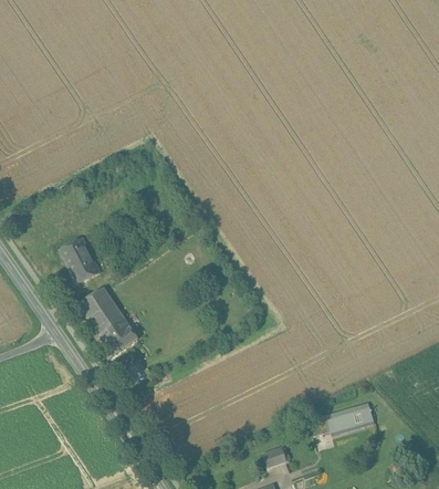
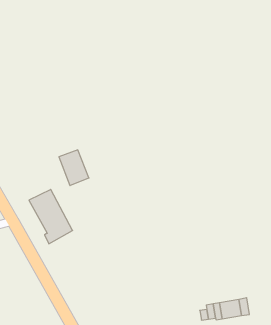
building: [60,238,101,284] -> [59,150,89,186]

